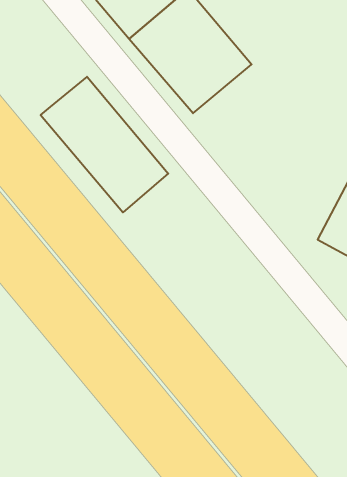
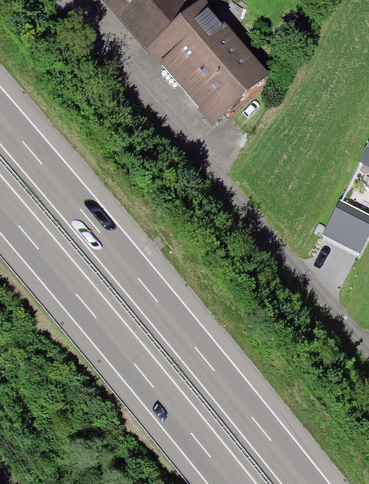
building: [41,77,168,212] -> none

